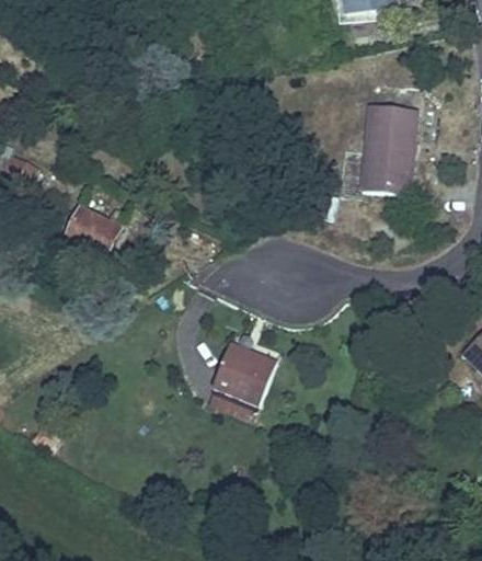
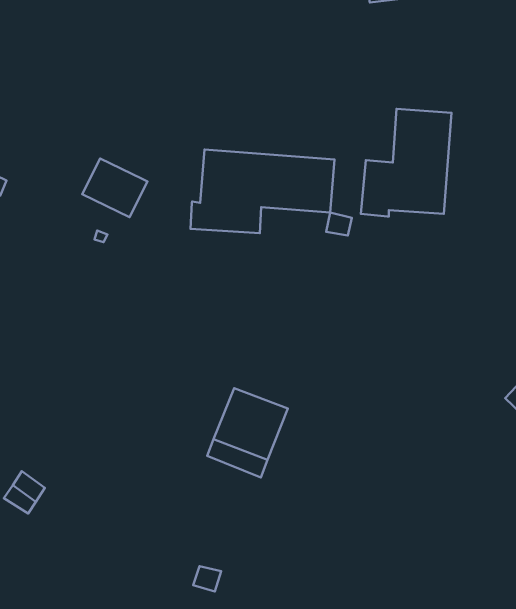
building: none -> [191,150,335,233]
building: [66,205,122,255] -> [82,158,147,217]

